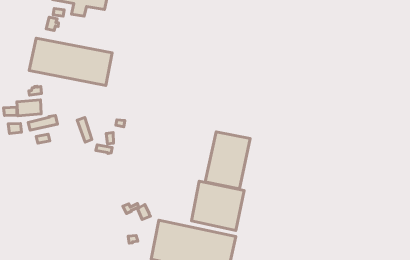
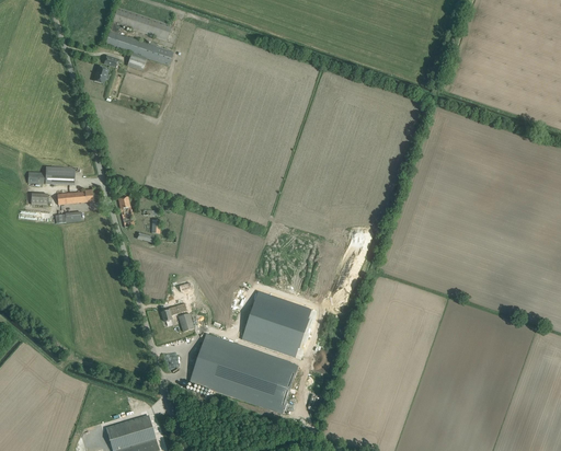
building: [29,38,112,86] -> none
building: [205,132,250,189] -> none

